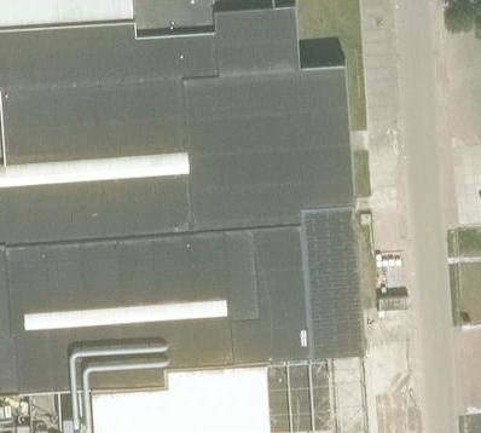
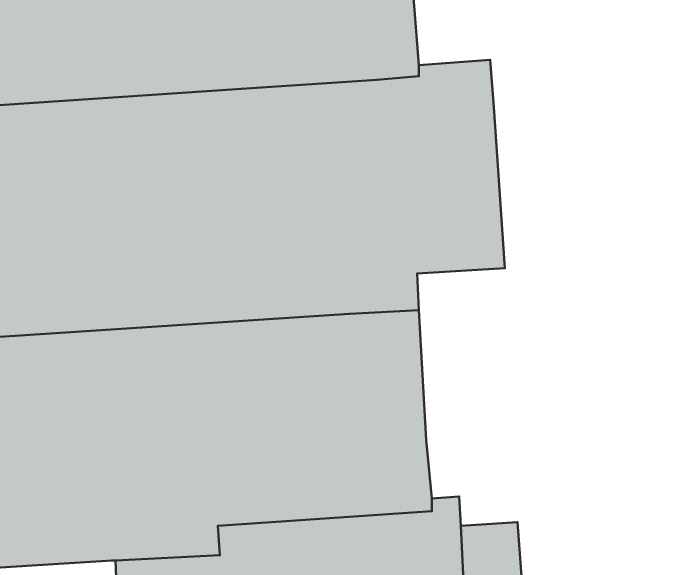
building: [297,201,364,353] -> none

